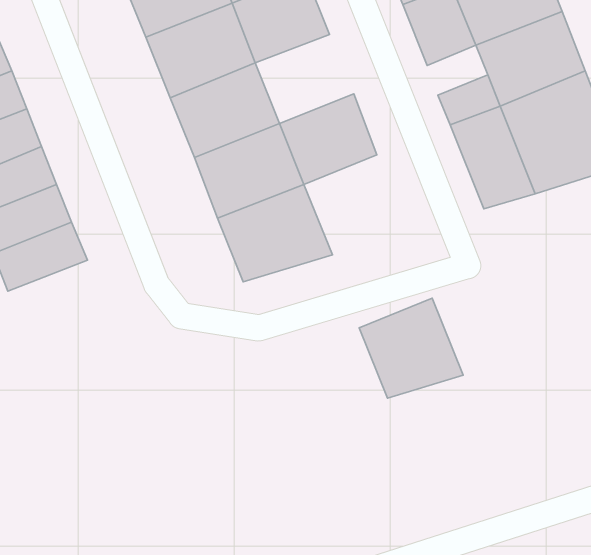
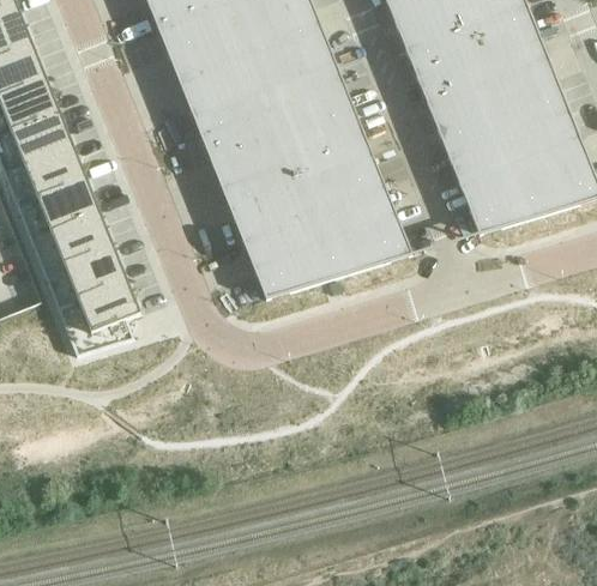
building: none -> [276,79,363,158]
building: none -> [428,89,482,133]
building: none -> [56,279,140,356]
building: [359,298,463,398] -> [319,186,411,274]

